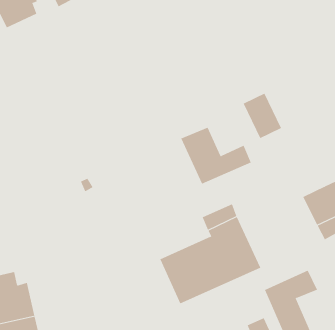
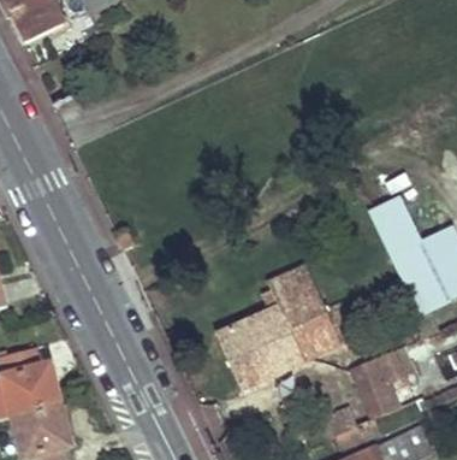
building: [243,93,282,139] -> [373,196,422,254]
building: [180,127,251,185] -> none

